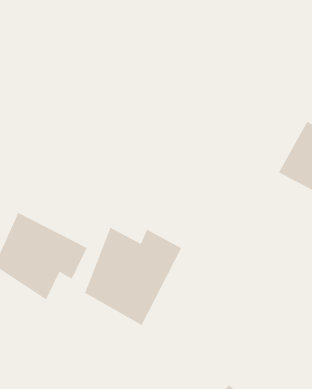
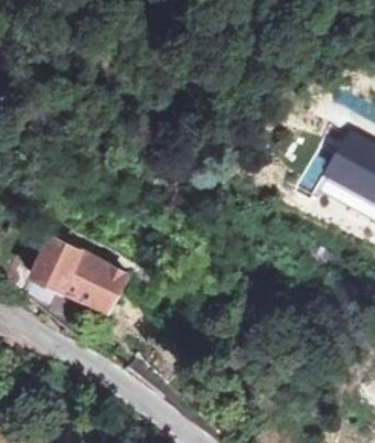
building: [84,227,182,326] -> none

